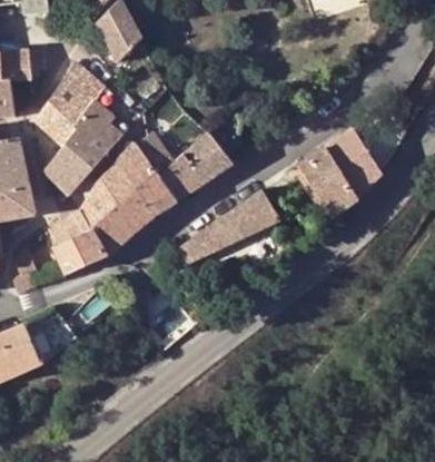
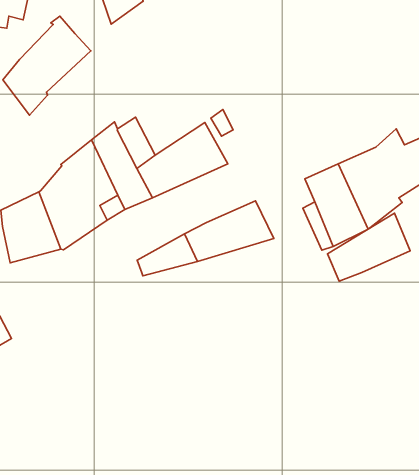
building: [45,88,128,196] -> none
building: none -> [328,213,410,281]

